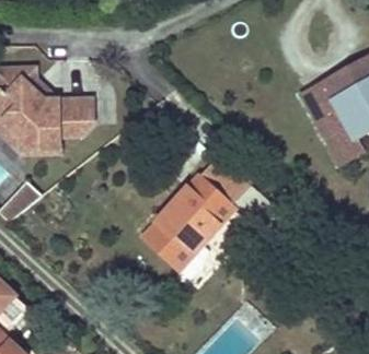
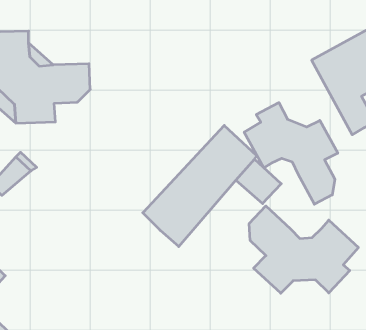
building: none -> [244,103,338,204]
building: none -> [249,206,358,293]

